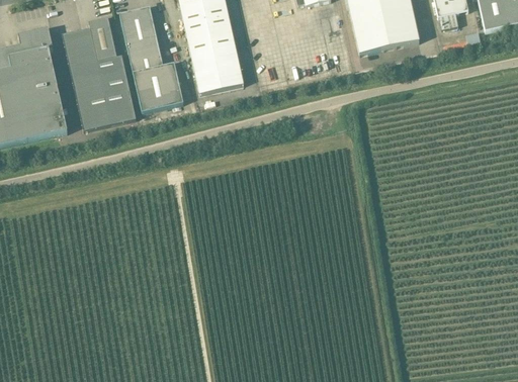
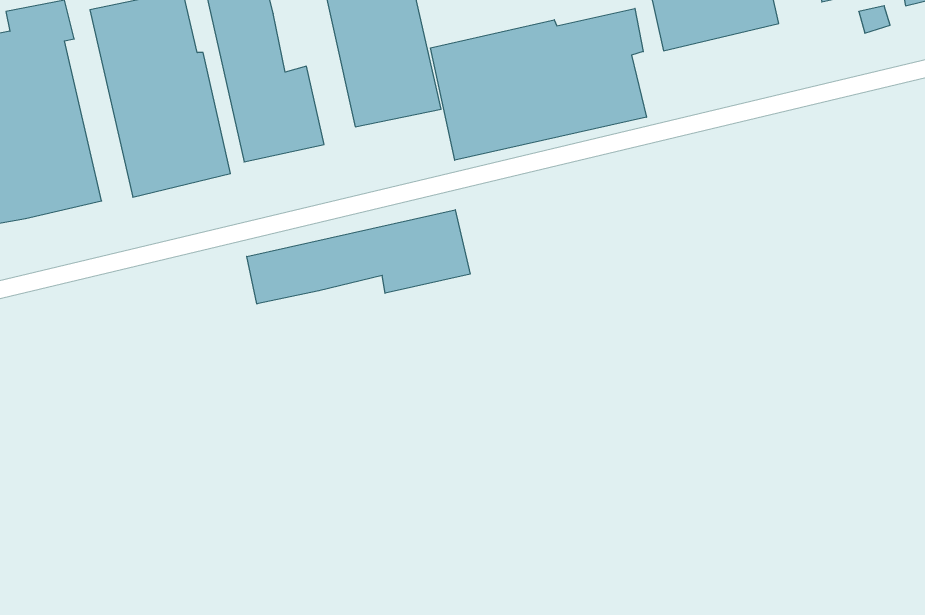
building: none -> [431,8,646,160]
building: none -> [247,210,470,304]

